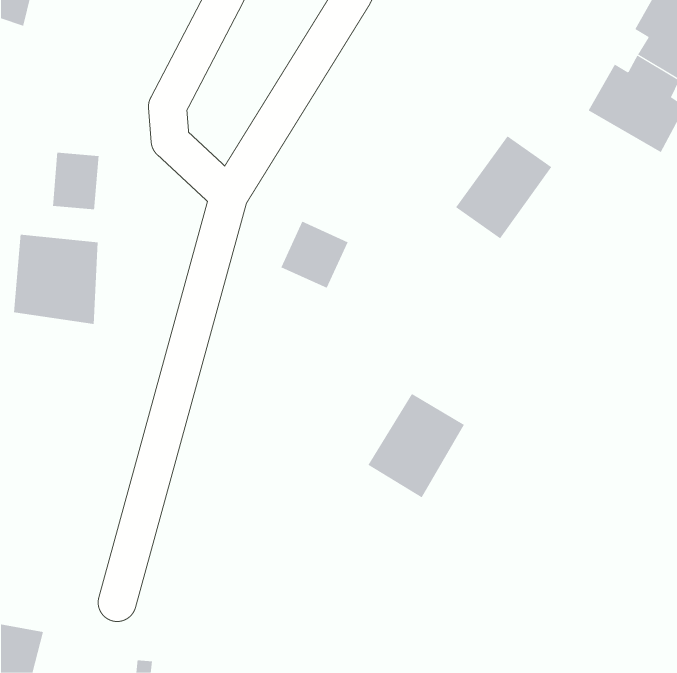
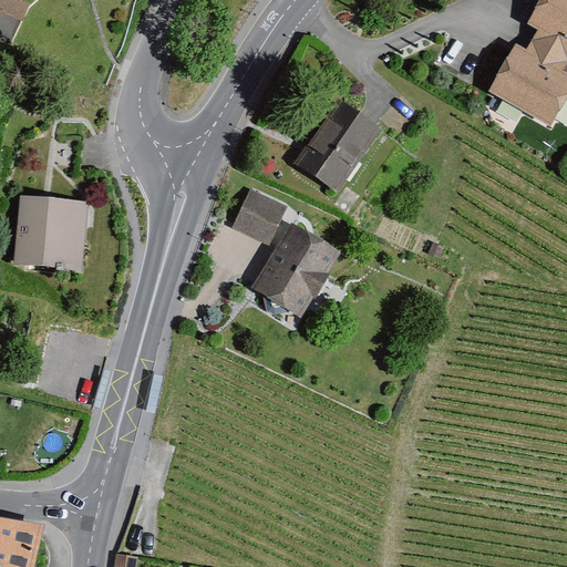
building: [455,135,552,239] -> [292,107,373,194]
building: [52,152,99,210] -> none
building: [368,393,465,498] -> [251,230,332,318]

